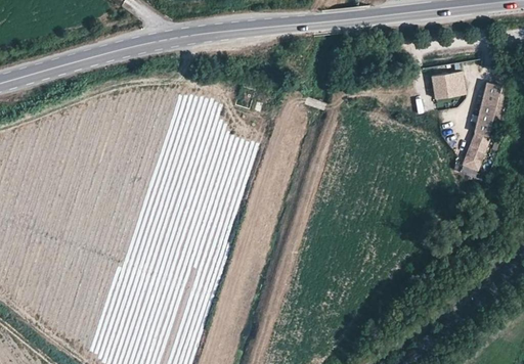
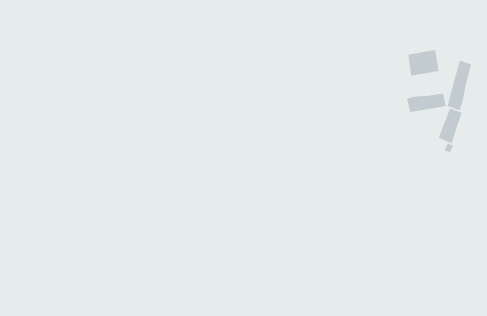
building: none -> [406,93,446,113]

